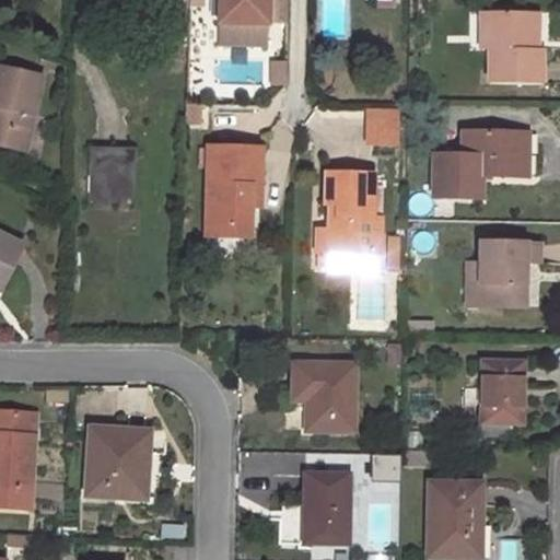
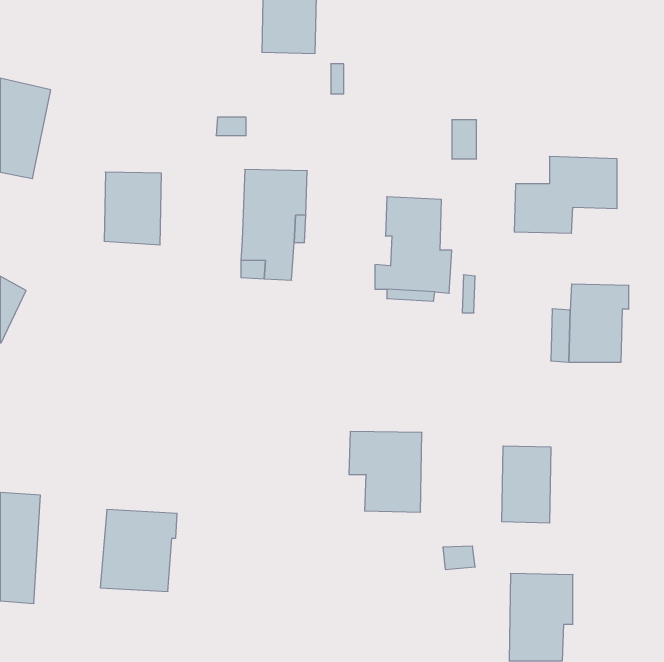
building: [488,11,540,82] -> none
building: [482,359,524,423] -> [502,446,551,523]
building: [304,474,350,542] -> none

